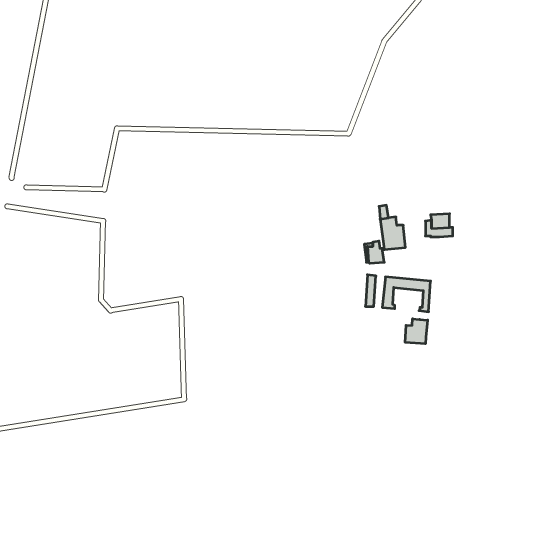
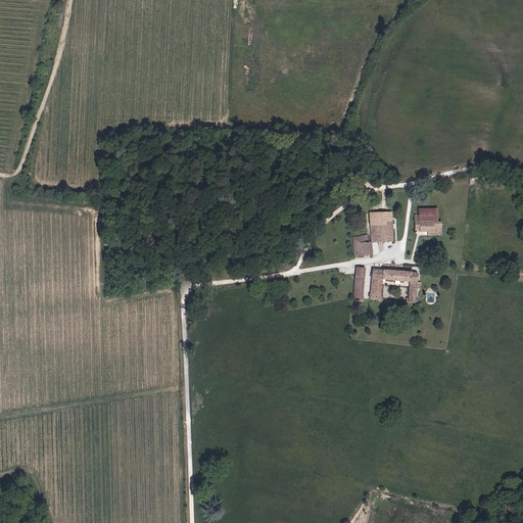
building: [405,319,428,344] -> none

